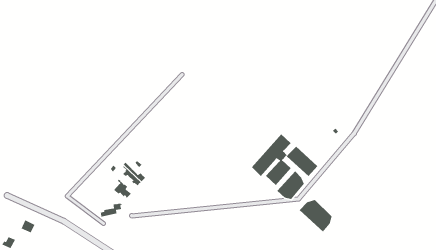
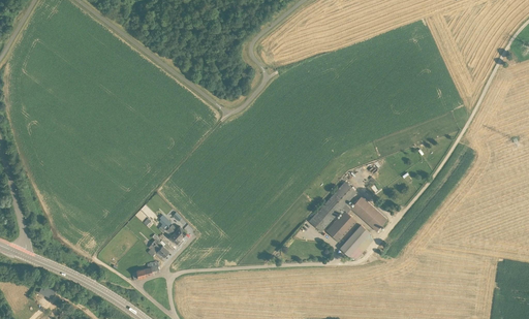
building: [299,199,332,232] -> none

